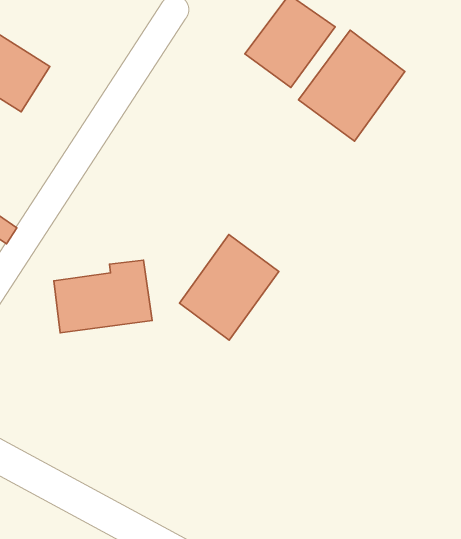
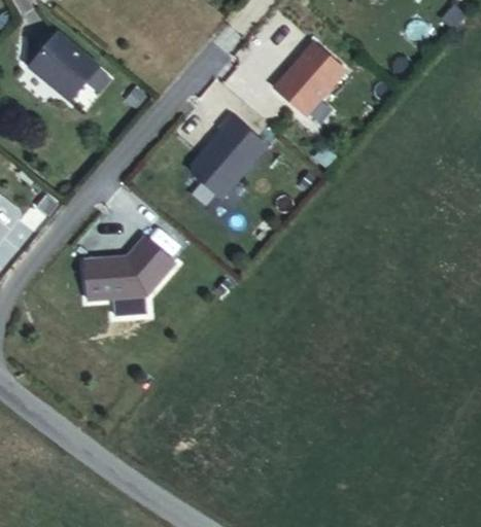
building: [298,30,405,141] -> none
building: [179,235,279,340] -> [183,110,270,199]

